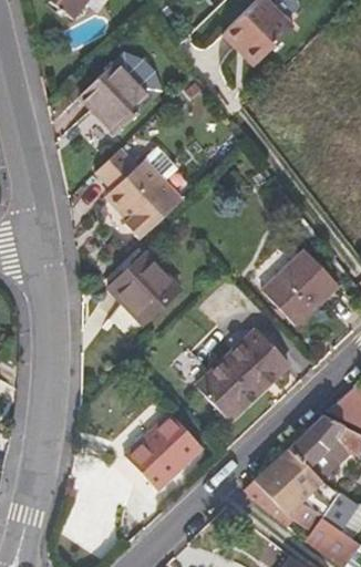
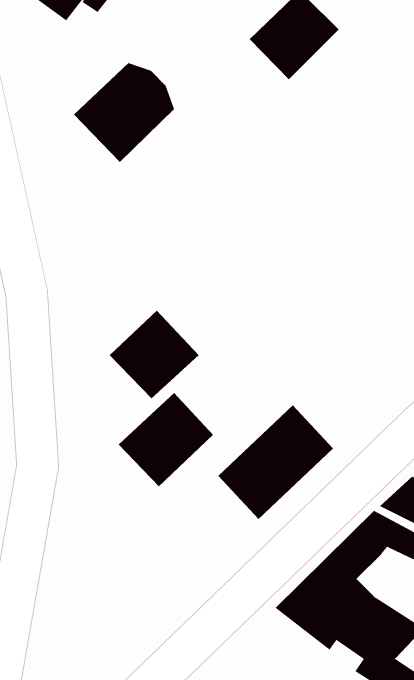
building: [99,146,185,237] -> none
building: [261,248,340,327] -> none
building: [125,413,203,489] -> [118,392,214,487]

